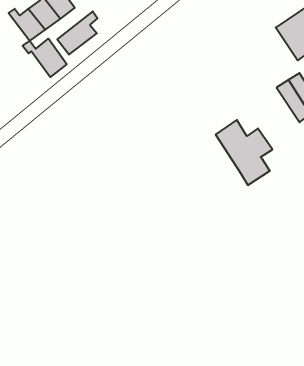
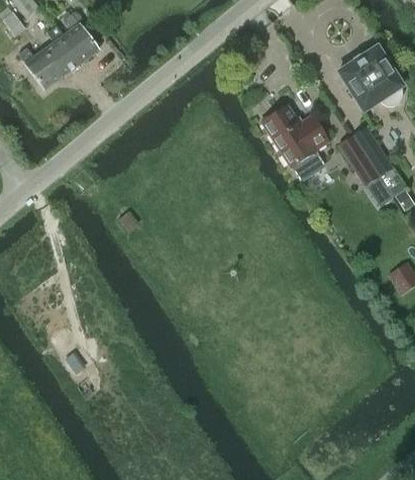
building: [57,11,97,55] -> none
building: [23,39,67,77] -> none
building: [216,120,272,185] -> [262,104,329,182]

